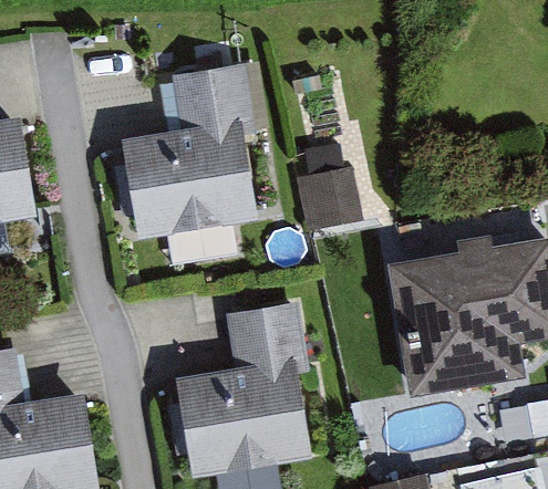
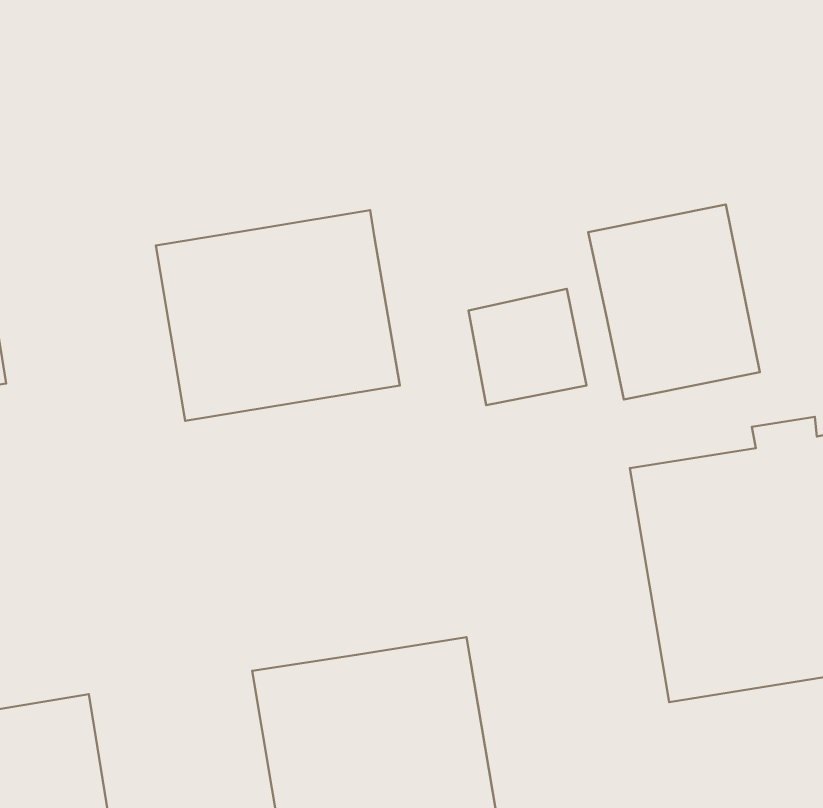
building: [173,65,255,135] -> none
building: none -> [588,204,760,399]
building: [225,301,310,374] -> none

